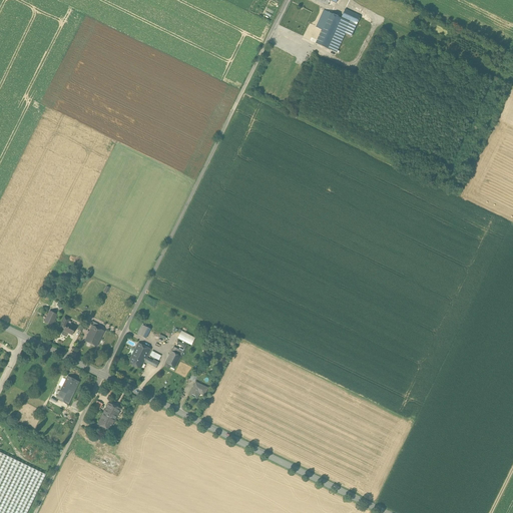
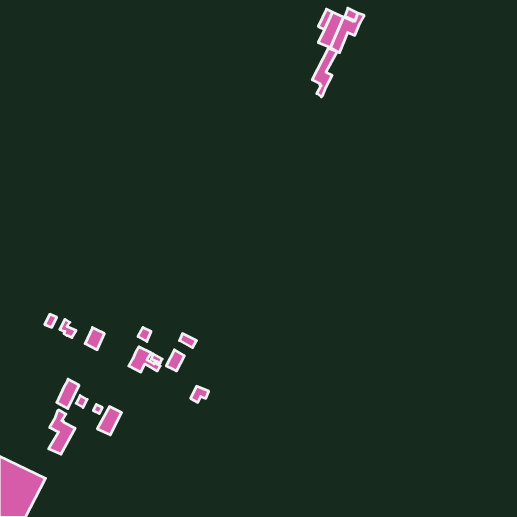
building: none -> [312,48,337,97]
building: none -> [49,410,75,454]

